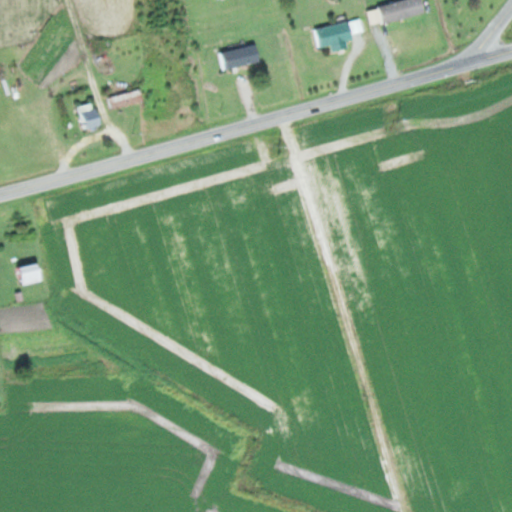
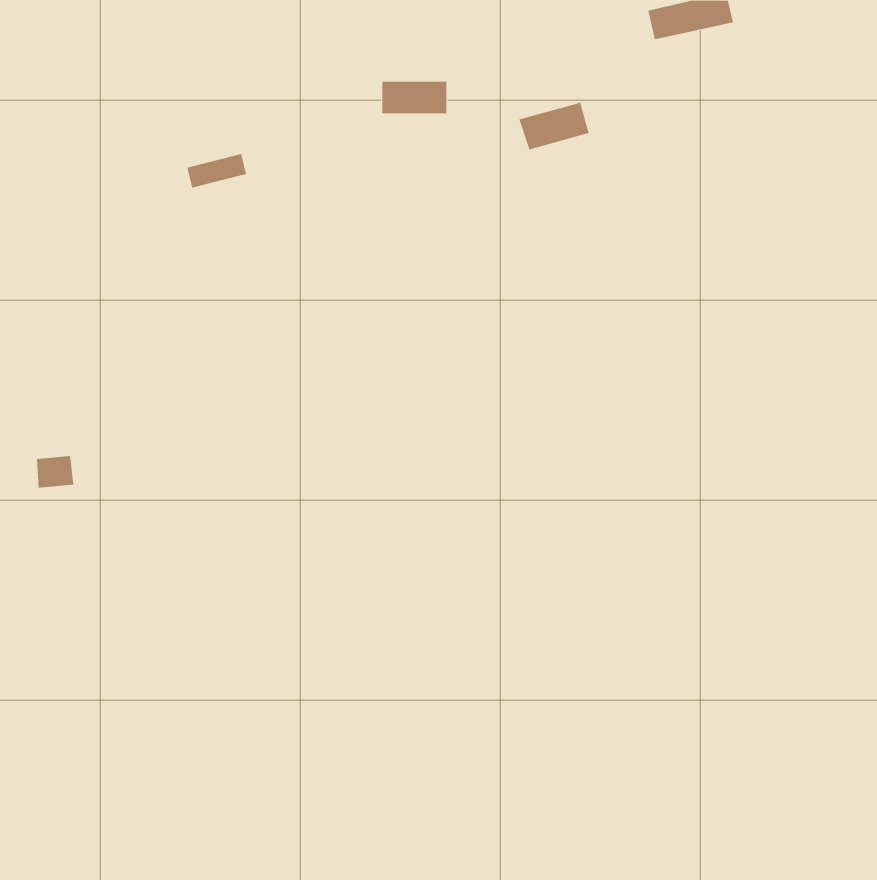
building: [313,21,354,49] -> [519,102,589,150]
building: [76,103,101,133] -> none

